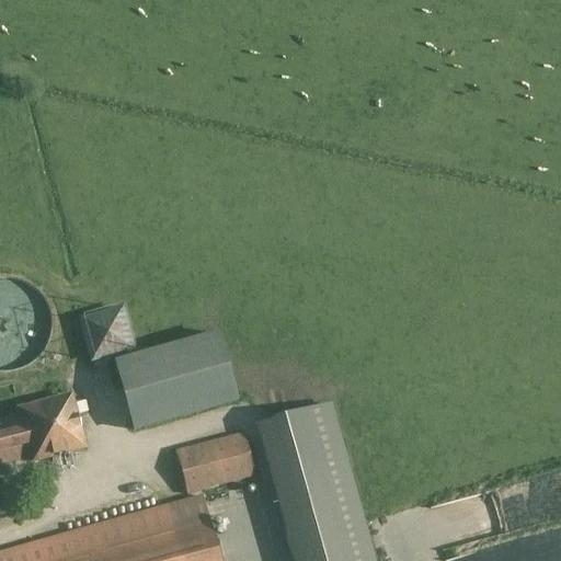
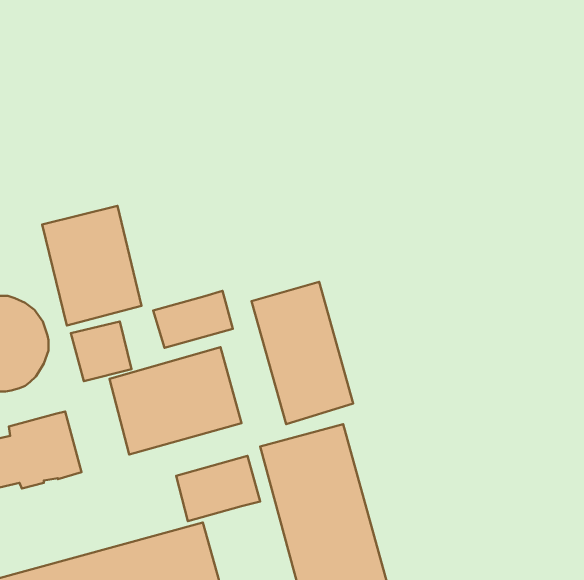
building: none -> [42,206,142,325]
building: none -> [252,282,353,424]
building: none -> [153,291,233,348]

